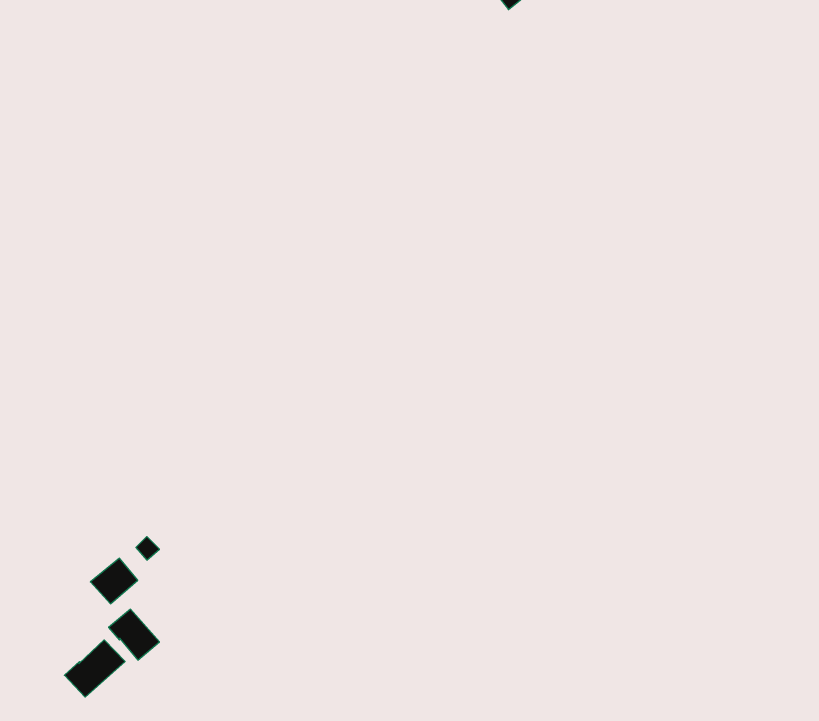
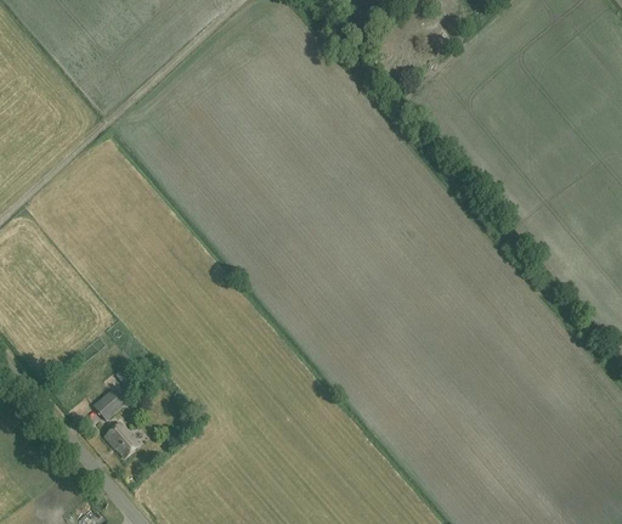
building: [64,640,125,697] -> none

